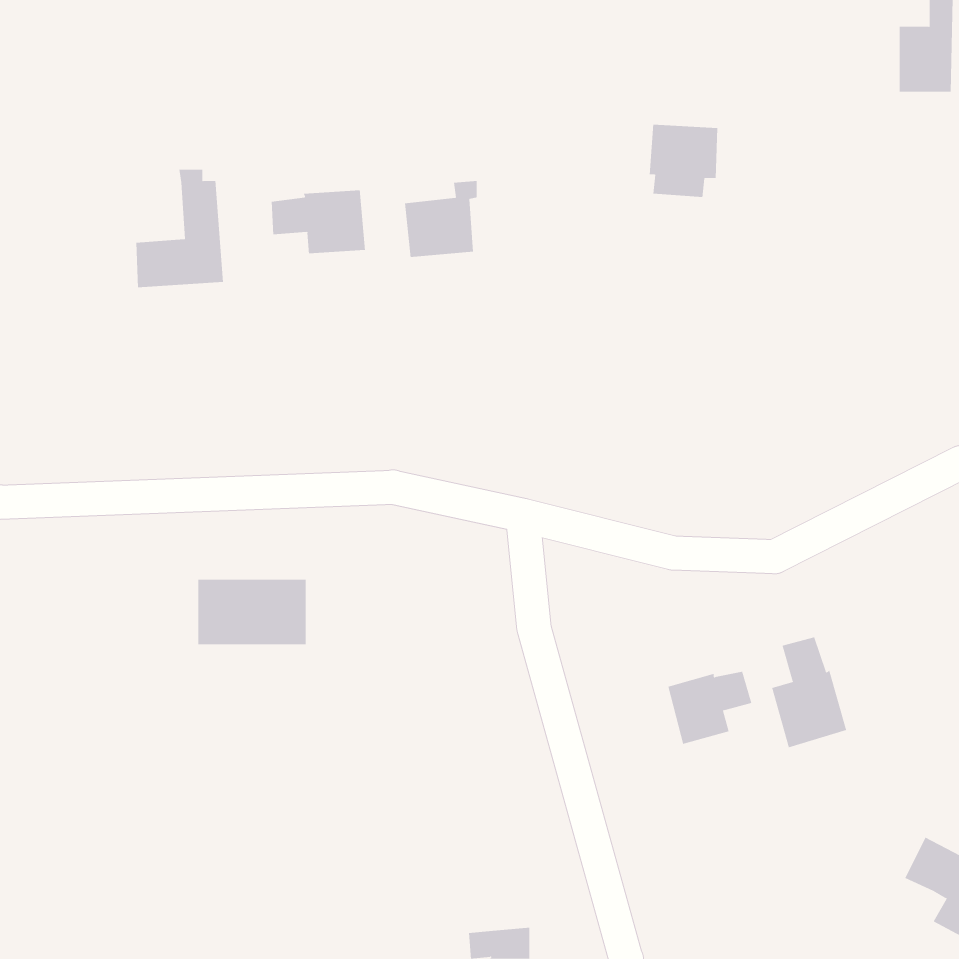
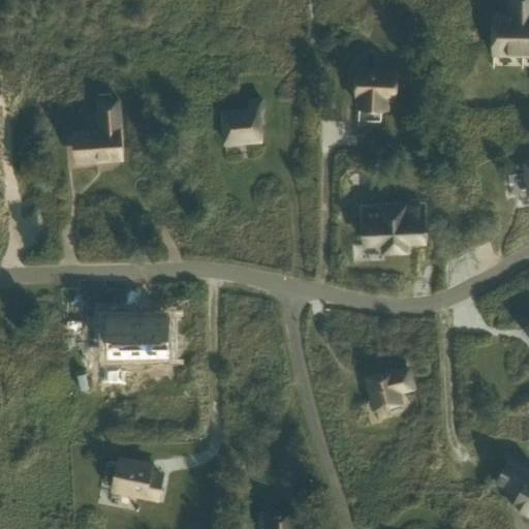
building: [271,189,366,254] -> none
building: none -> [365,206,426,251]
building: [771,637,847,748] -> none
building: none -> [103,460,163,496]

